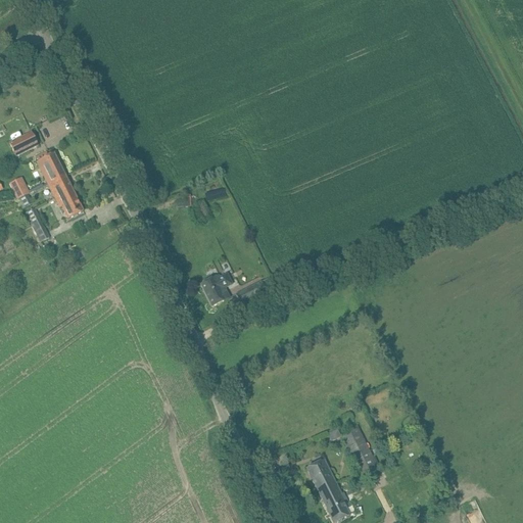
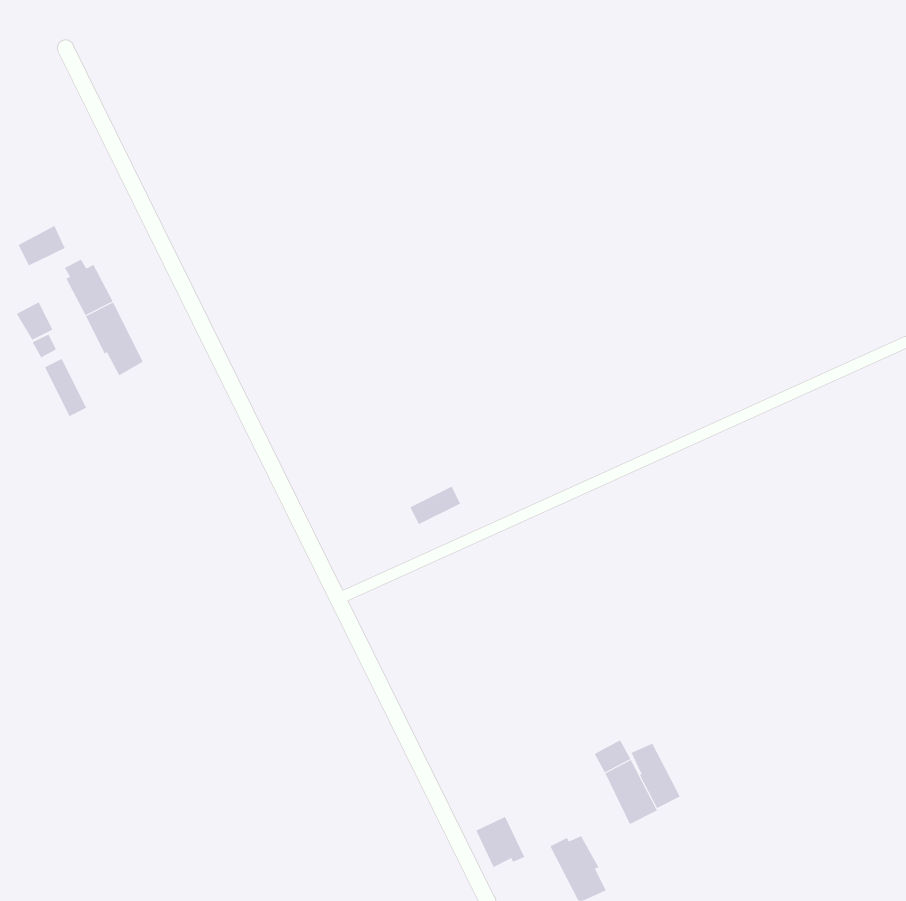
building: [200,272,232,304] -> none
building: none -> [631,743,680,809]
building: [306,458,335,487] -> [475,816,525,868]

